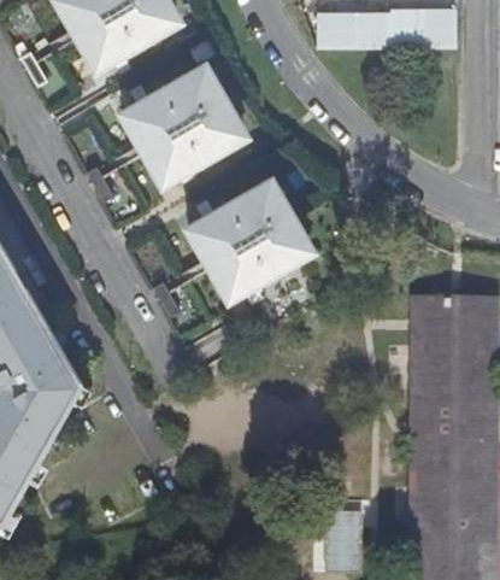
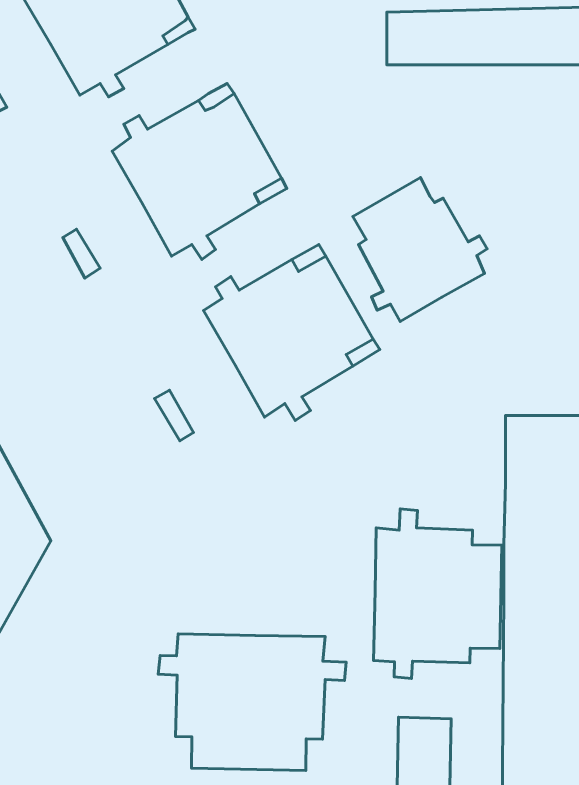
building: none -> [353,177,487,322]
building: none -> [374,509,502,678]
building: none -> [158,634,346,770]

